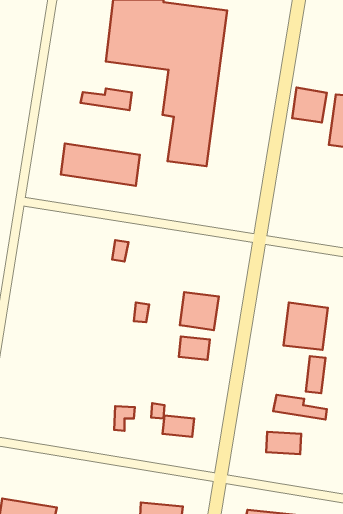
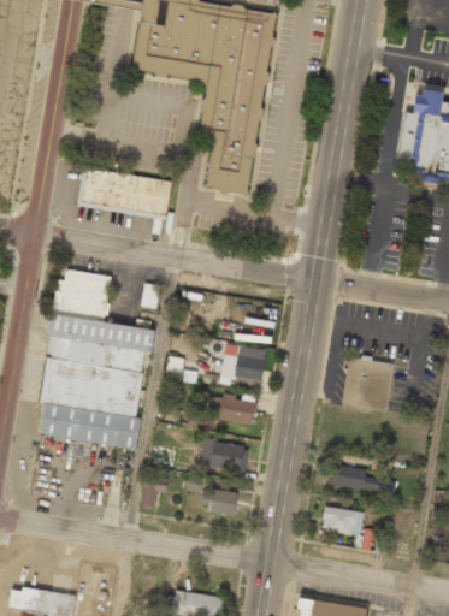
building: [292,87,327,123] -> none
building: [81,88,132,110] -> none
building: none -> [40,271,154,448]
building: [306,356,325,393] -> none
building: none -> [196,440,248,472]

